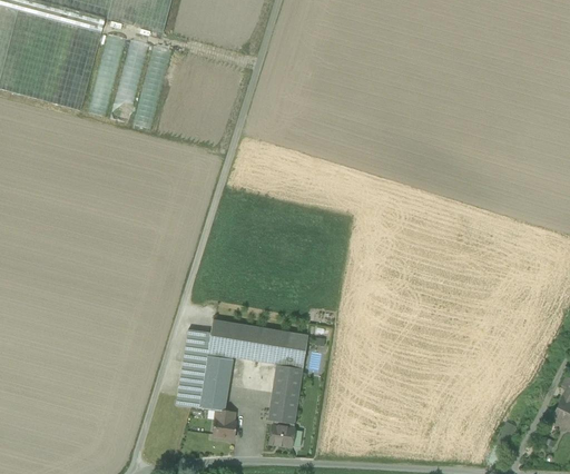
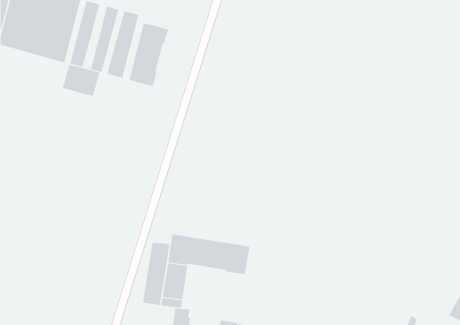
building: none -> [129,23,169,87]
building: none -> [62,64,100,97]
building: [268,363,303,422] -> none

